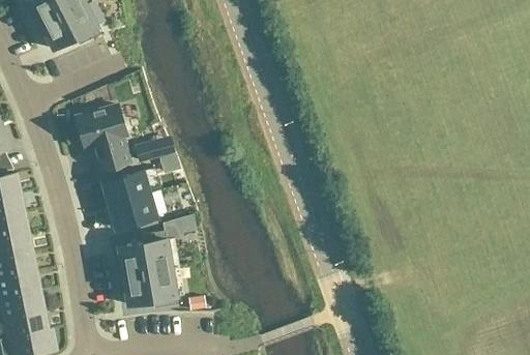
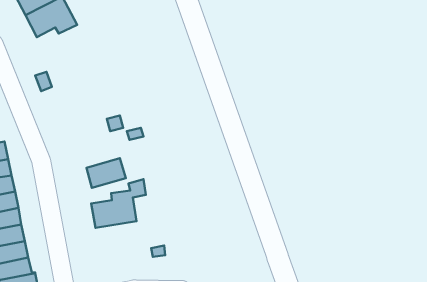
building: [75,106,130,172] -> none
building: [106,170,152,205] -> none
building: [123,268,178,309] -> none

